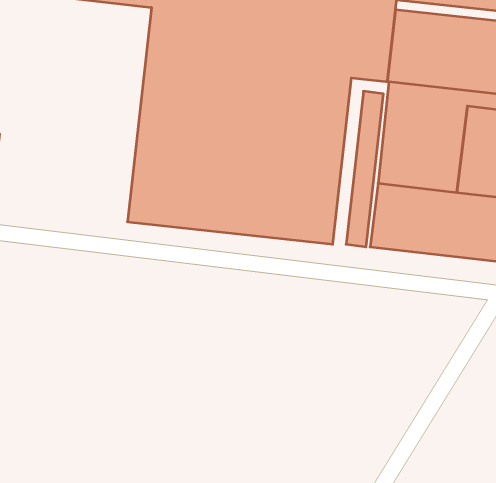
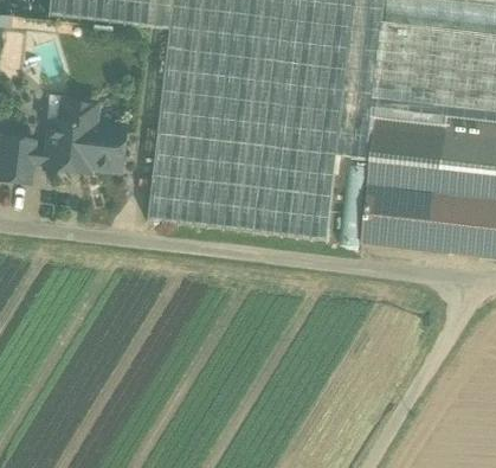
building: none -> [46,100,125,169]

